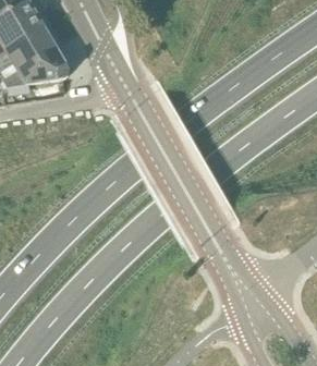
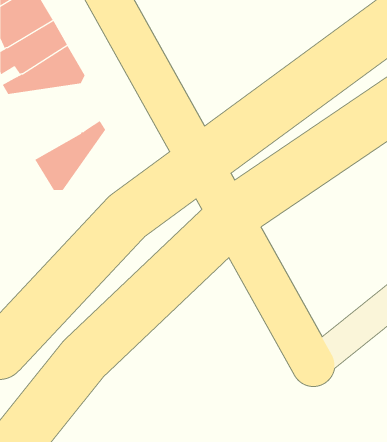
building: none -> [34,120,106,191]

